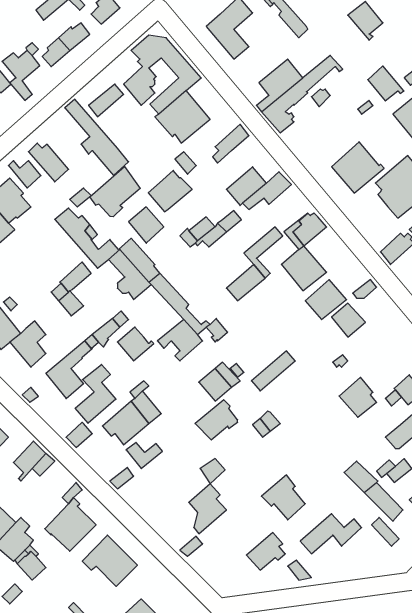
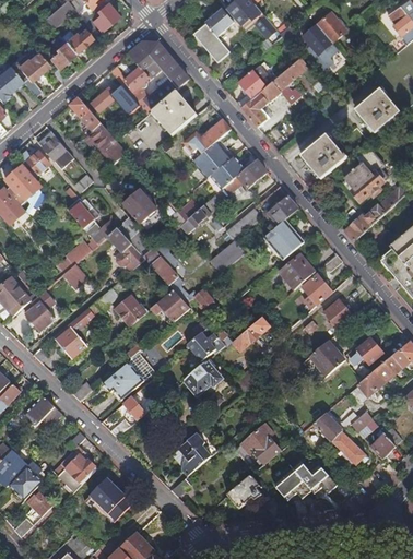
building: [368,66,404,101] -> [303,24,334,55]
building: [90,166,140,217] -> none
building: [148,170,192,212] -> [192,142,231,178]
building: none -> [322,299,351,329]
building: [75,364,116,423] -> none

